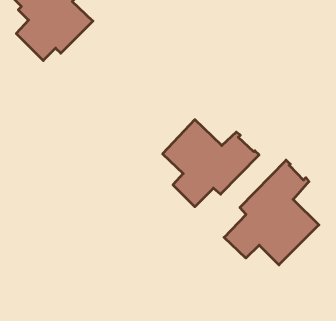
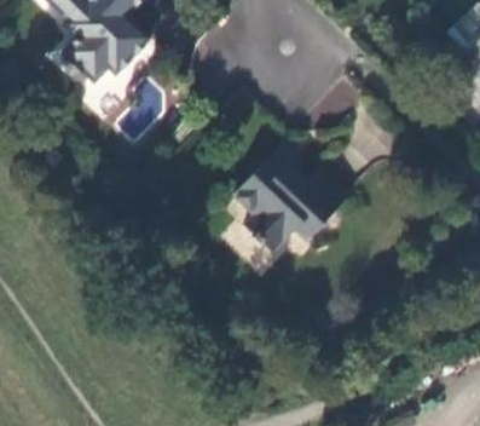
building: [224,160,319,265] -> none

